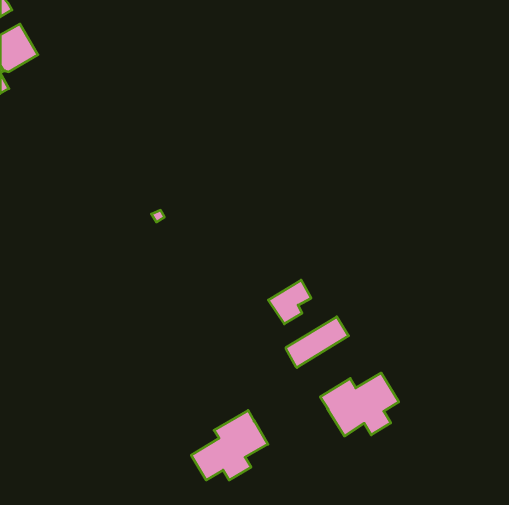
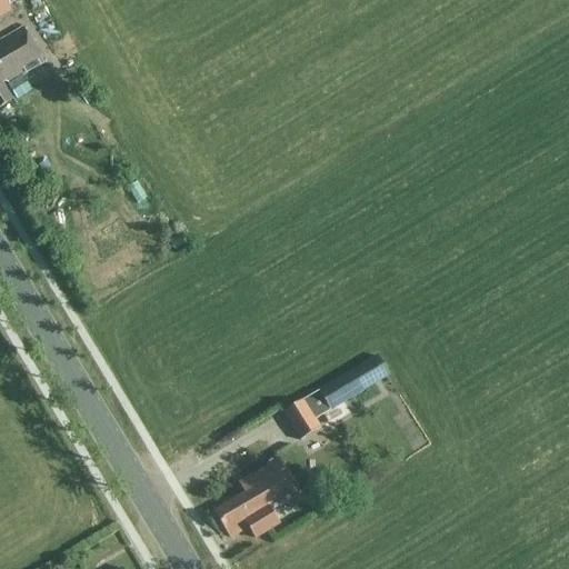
building: [268,280,311,324] -> [282,389,330,438]
building: [320,373,399,436] -> none

